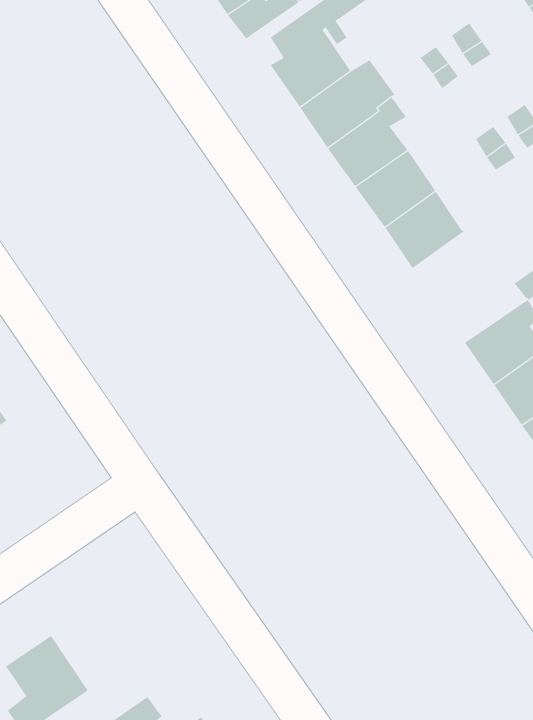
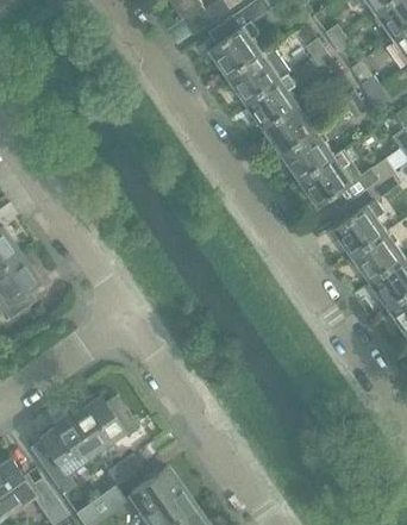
building: none -> [300,150,352,207]
building: none -> [68,393,137,452]

